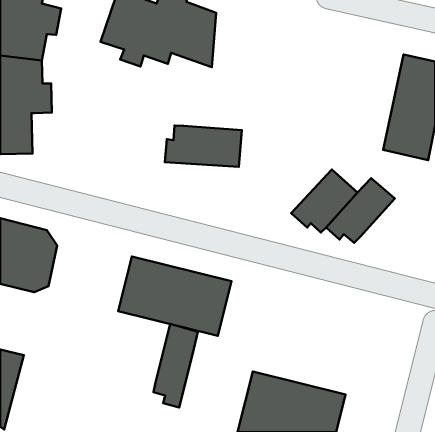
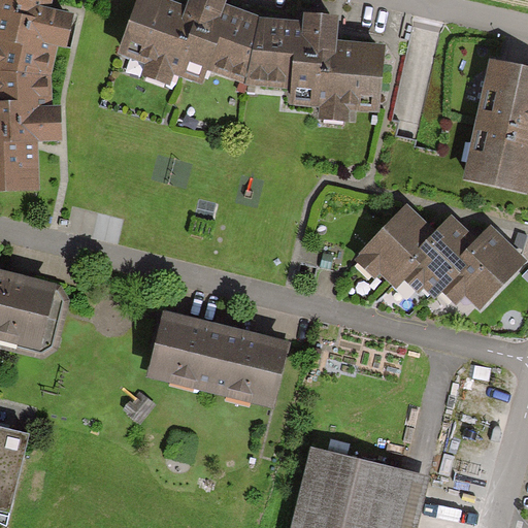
building: none -> [257,8,384,120]
building: [165,125,242,167] -> none
building: none -> [436,228,521,306]
building: [153,324,198,408] -> none

